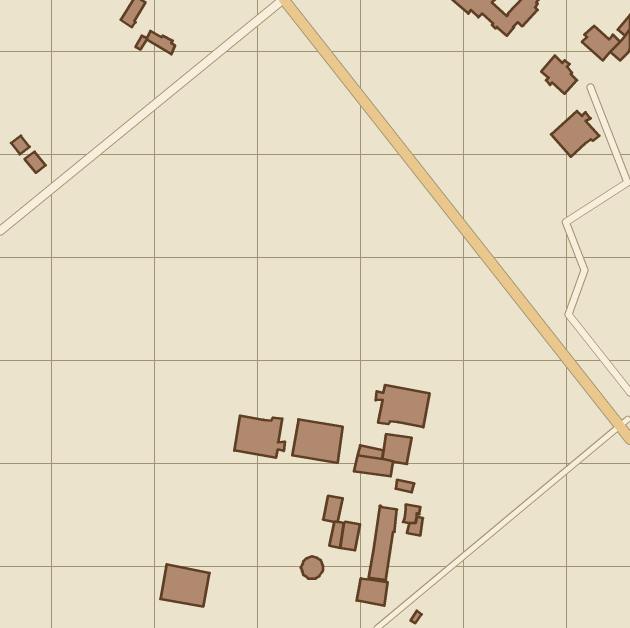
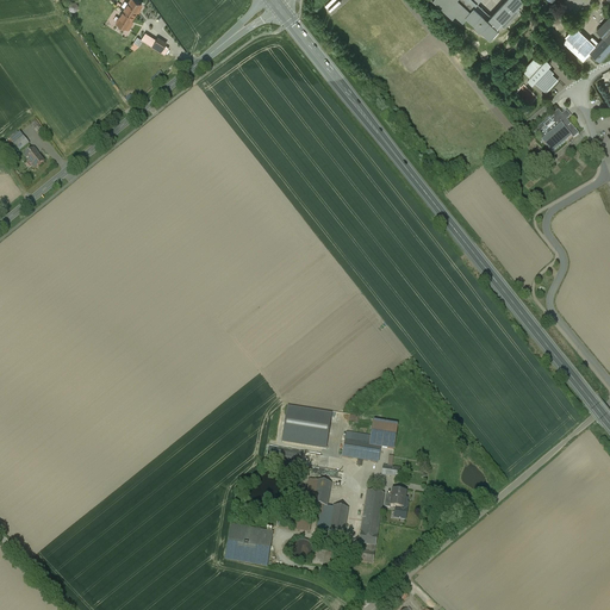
building: [376,385,429,427] -> none
building: [234,416,285,458] -> none
building: [160,564,210,606] -> [225,523,273,564]
building: [357,578,388,606] -> none

